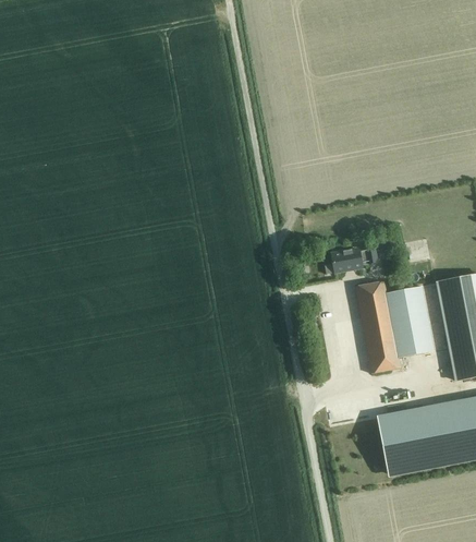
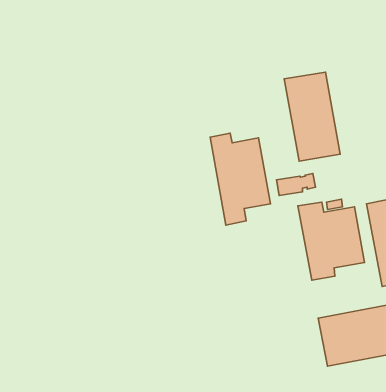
building: none -> [284,72,340,161]
building: none -> [210,133,270,225]

